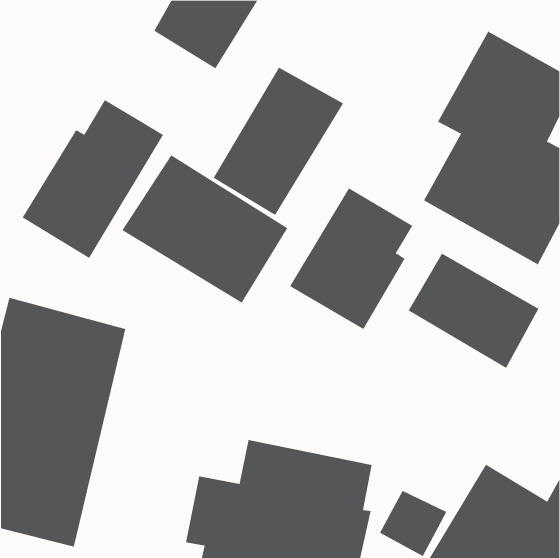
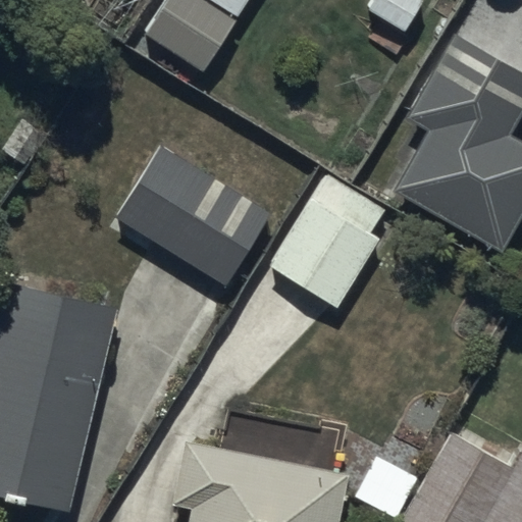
building: [213,67,344,216] -> none
building: [22,99,164,259] -> none
building: [408,253,539,369] -> none

